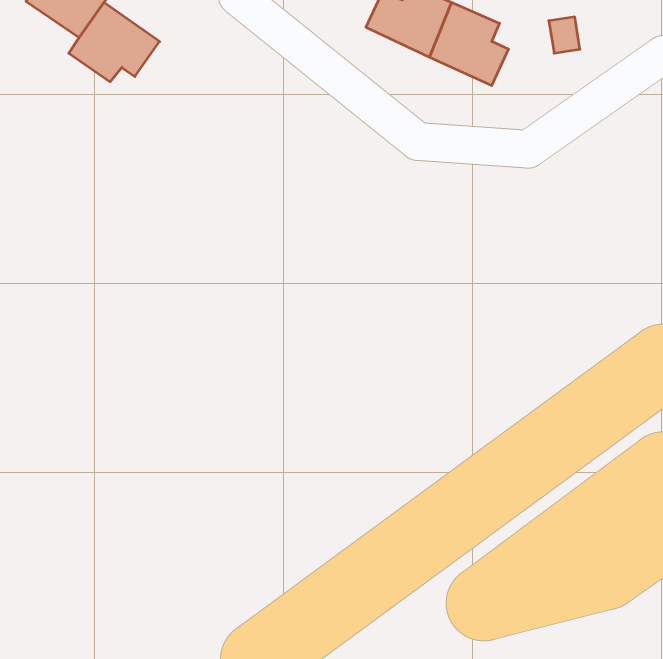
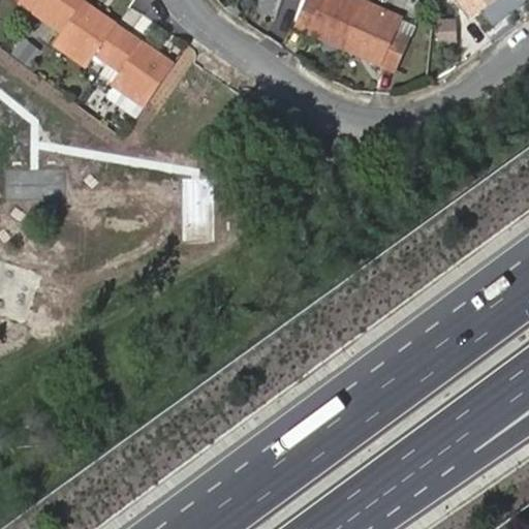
building: none -> [107,33,172,104]

